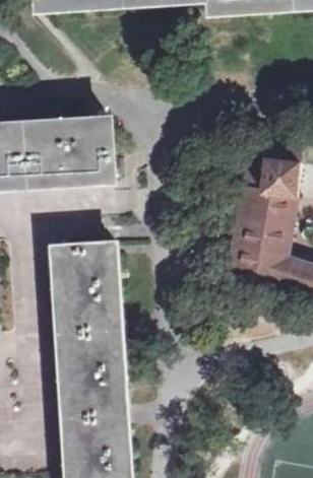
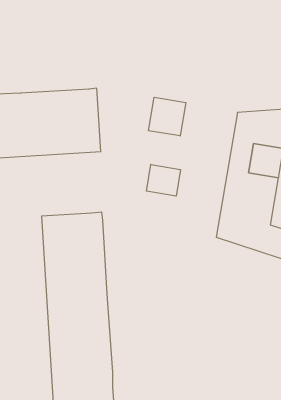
building: none -> [149,97,186,136]
building: none -> [146,164,180,196]

